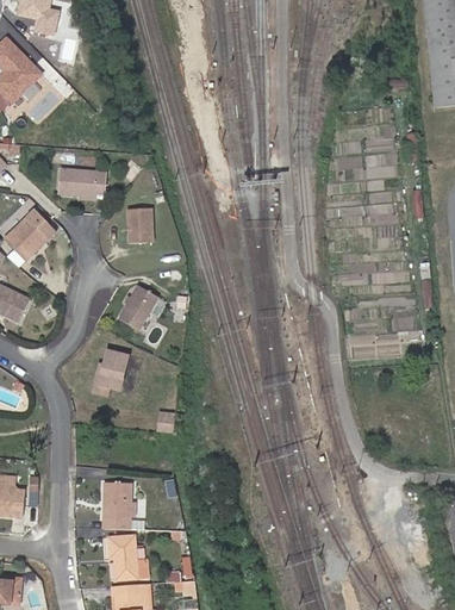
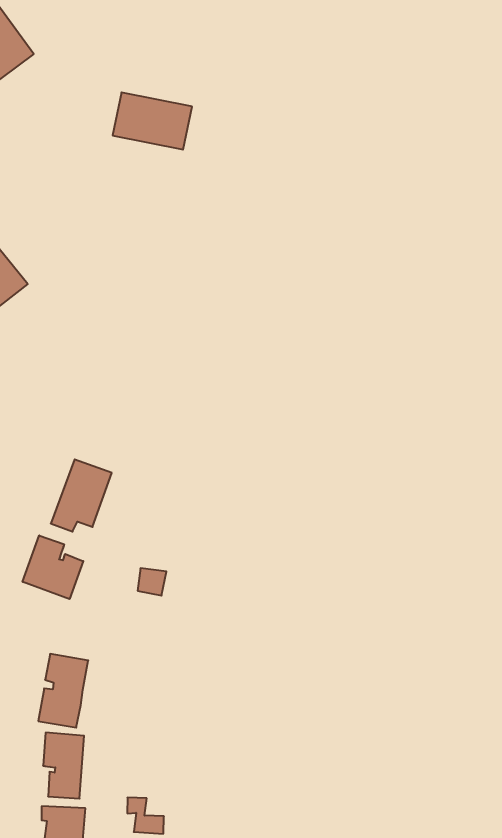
building: [58,166,110,199] -> [113,92,192,150]
building: [129,207,156,243] -> none
building: [119,284,161,331] -> none
building: none -> [23,535,83,599]

